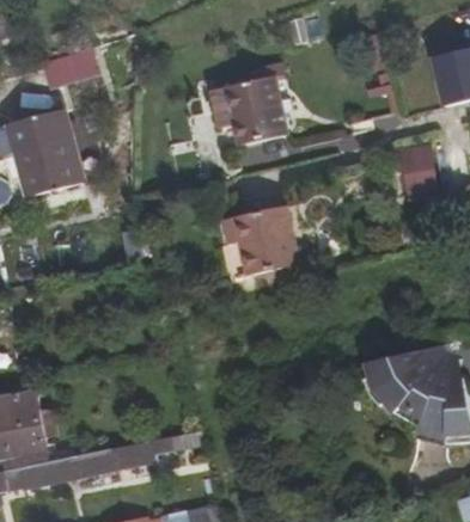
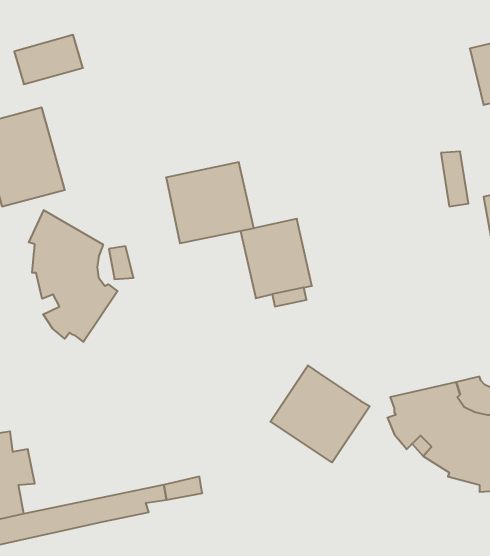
building: [210,75,287,146] -> [166,162,254,243]
building: none -> [29,210,118,342]
building: none -> [270,365,370,462]

